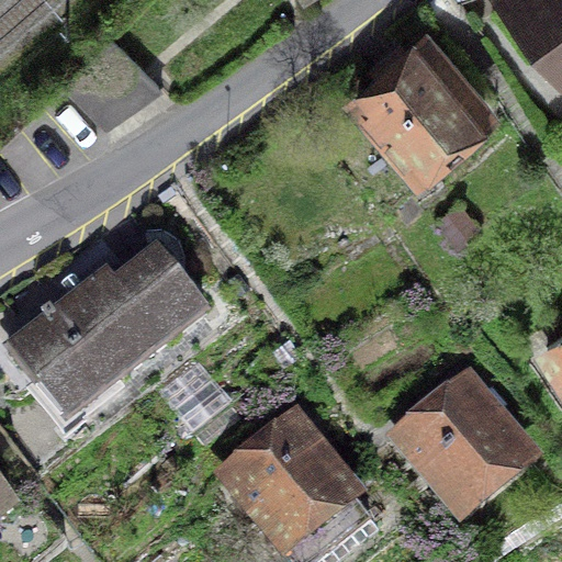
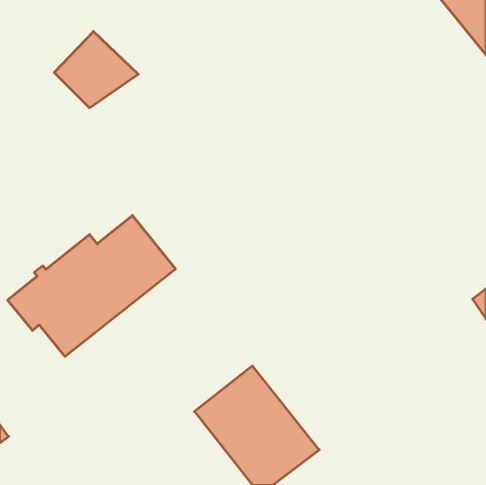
building: [355,29,483,166] -> none
building: [393,376,522,507] -> none

